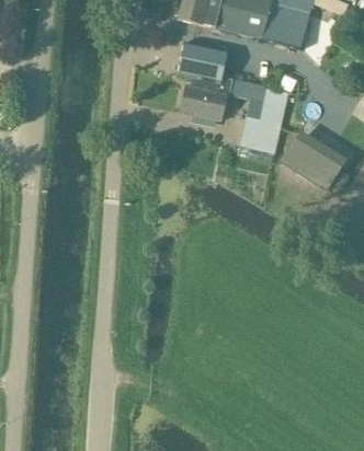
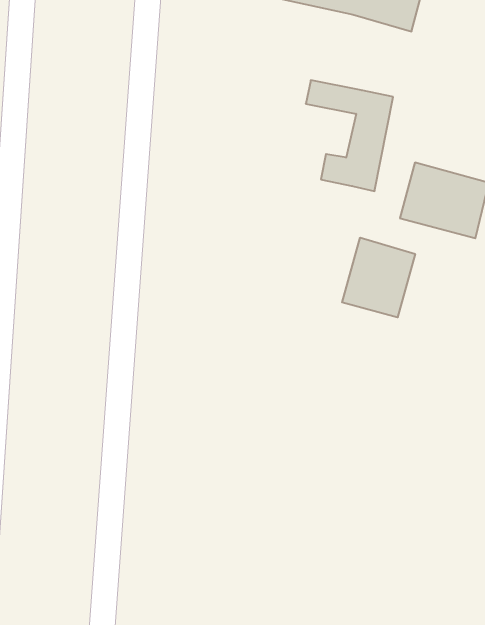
building: [177,41,231,119] -> none
building: none -> [342,238,415,317]

